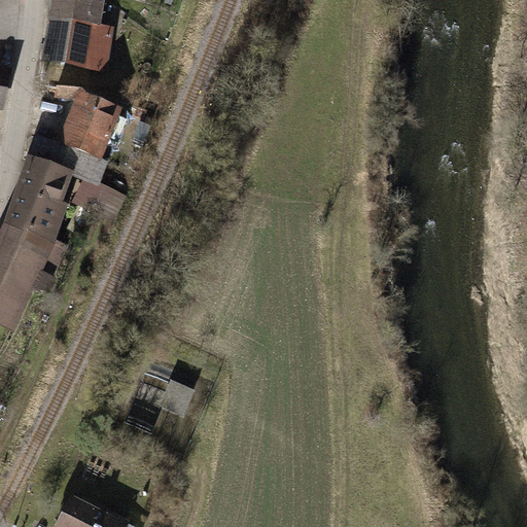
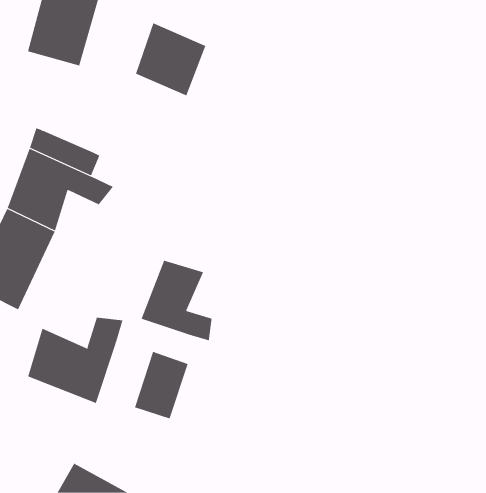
building: [45,83,120,162] -> [135,22,206,96]
building: none -> [141,260,212,341]
building: none -> [27,317,123,404]

